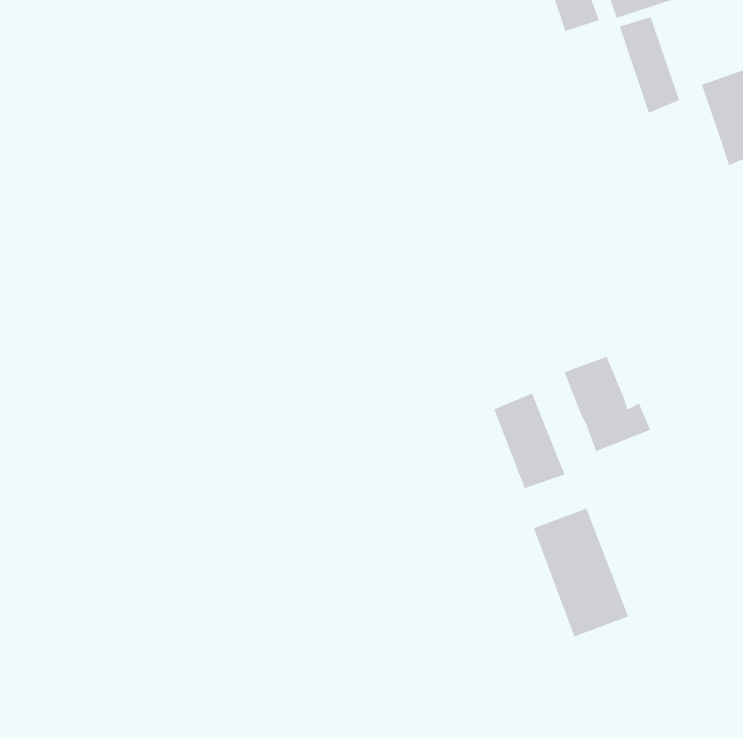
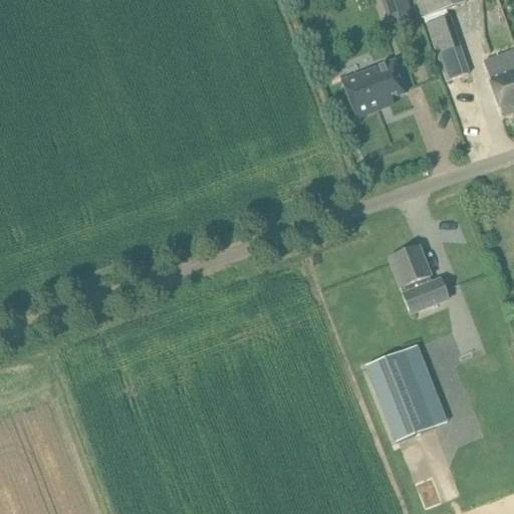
building: none -> [342,57,408,114]
building: [493,393,565,489] -> none

